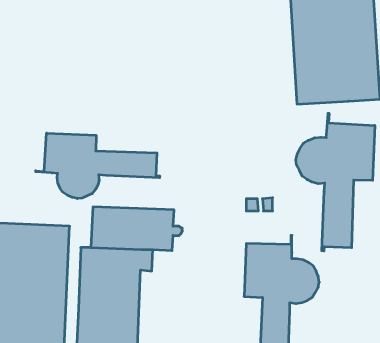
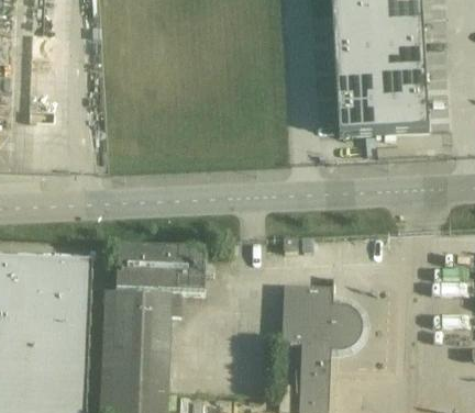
building: [296,113,375,251] -> none
building: [36,133,160,199] -> none

